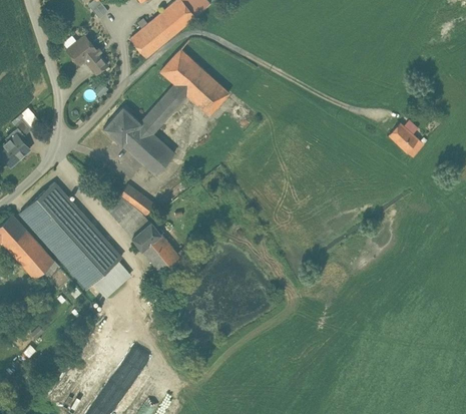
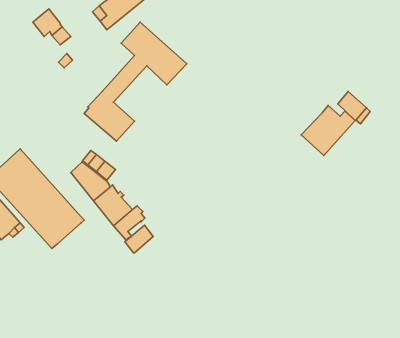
building: [103,107,140,145] -> none
building: none -> [301,106,355,155]
building: [93,261,128,295] -> none
building: none -> [125,225,153,253]

